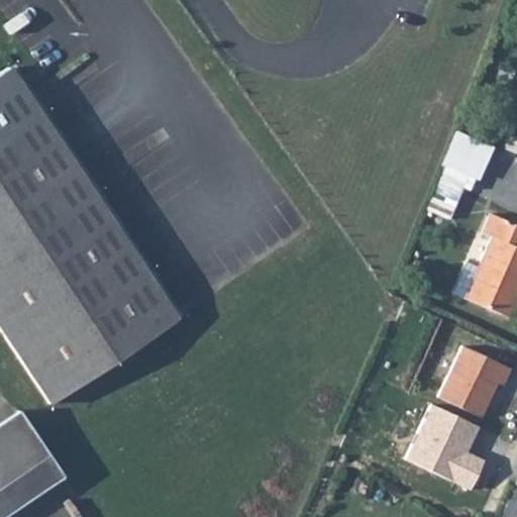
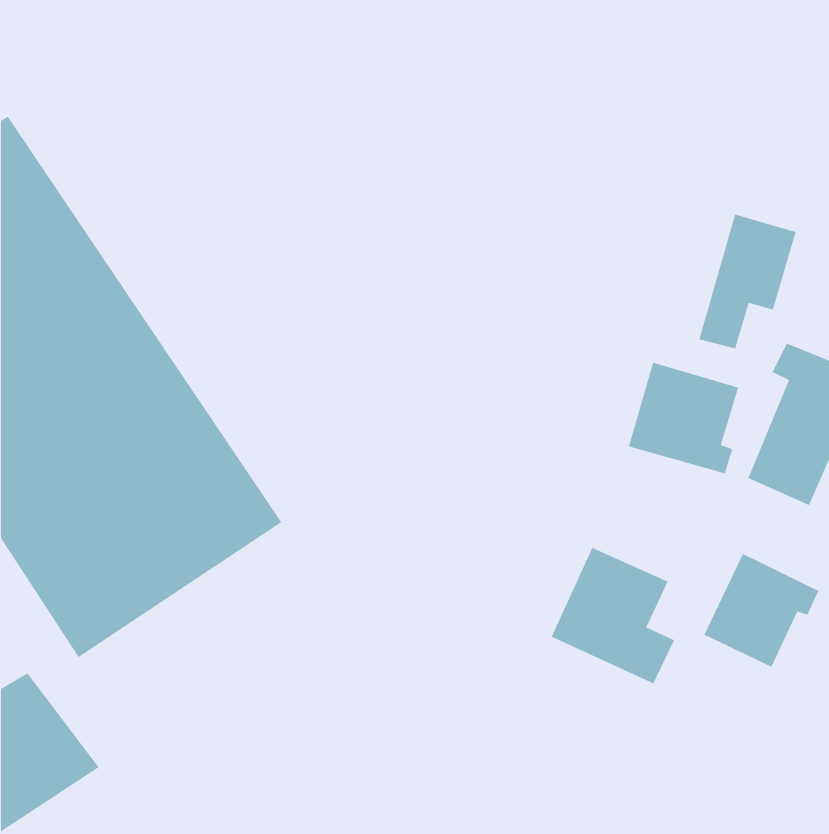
building: none -> [628,362,739,474]
building: [407,403,484,488] -> [551,547,675,684]

